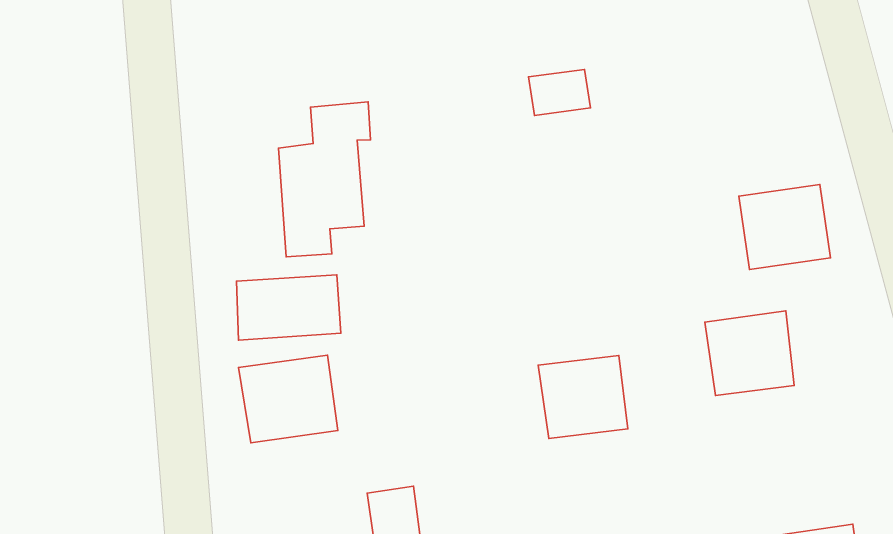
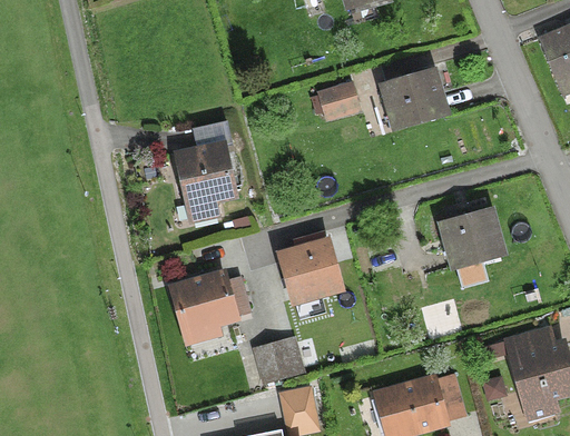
building: [739,185,831,269] -> [383,70,442,126]
building: [237,275,341,340] -> none
building: [538,356,628,439] -> [279,242,337,297]

